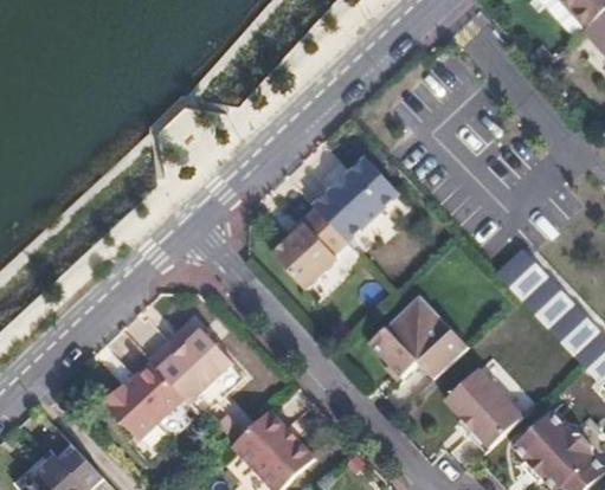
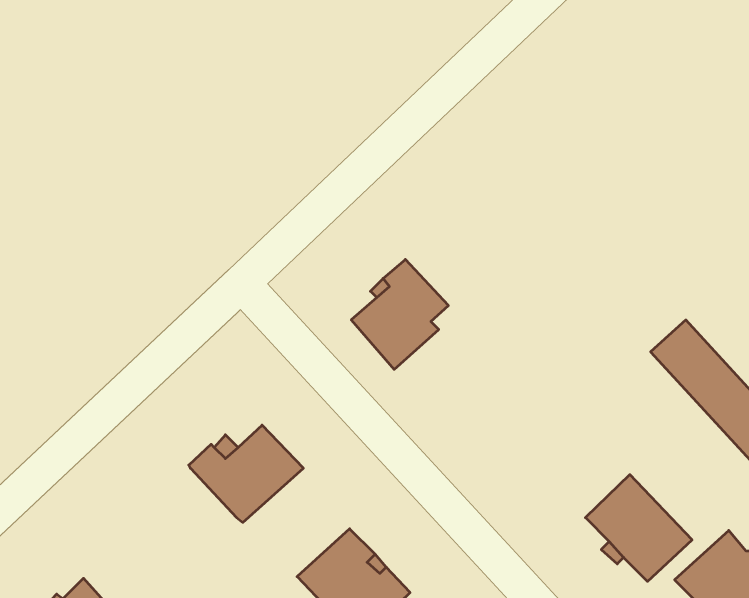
building: [310,155,399,240] -> none
building: [368,309,466,381] -> none
building: [108,361,187,440] -> none

